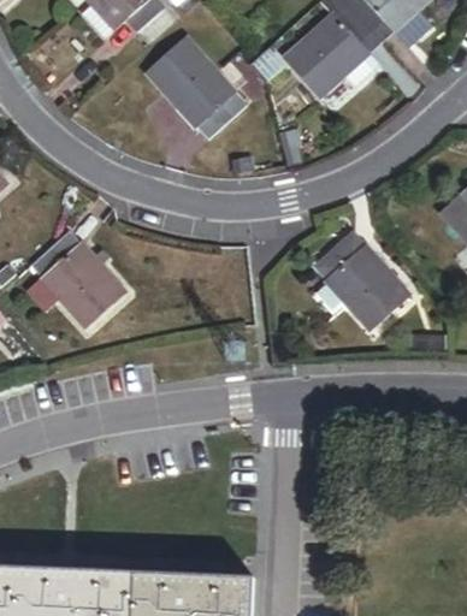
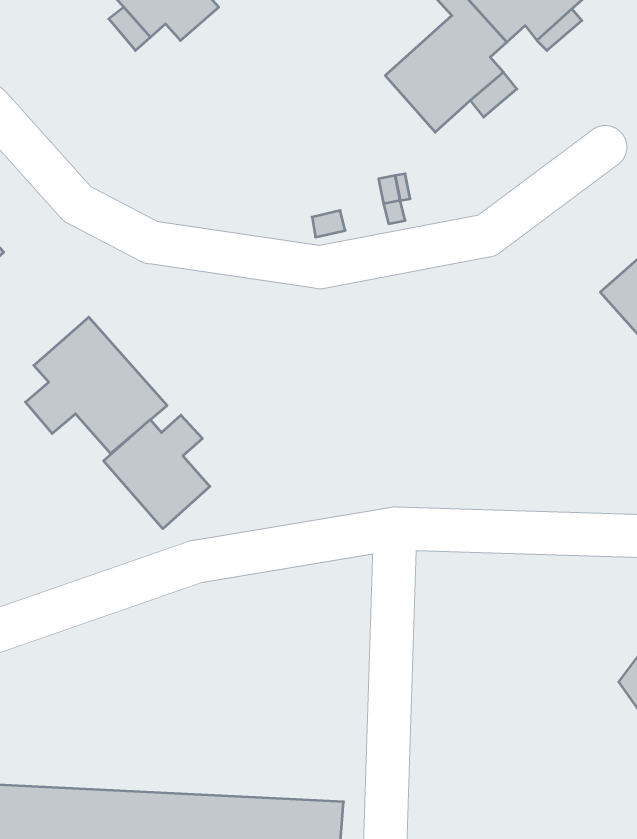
building: [147,36,246,140] -> none
building: [318,242,413,332] -> none
building: none -> [104,415,210,529]

